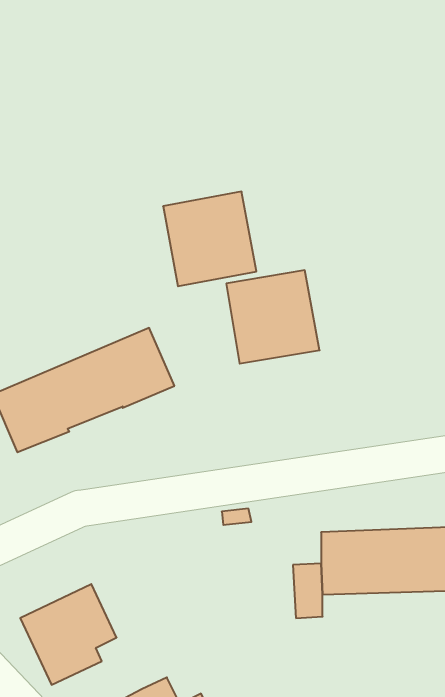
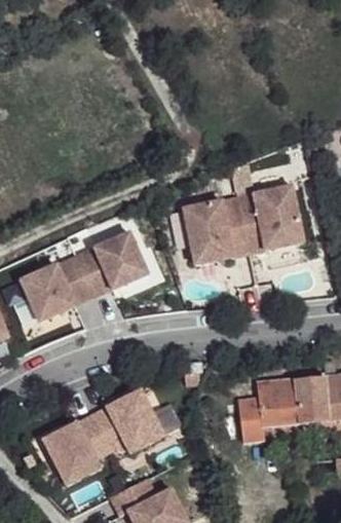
building: [163,192,256,286] -> [239,186,304,252]
building: none -> [91,390,162,453]

